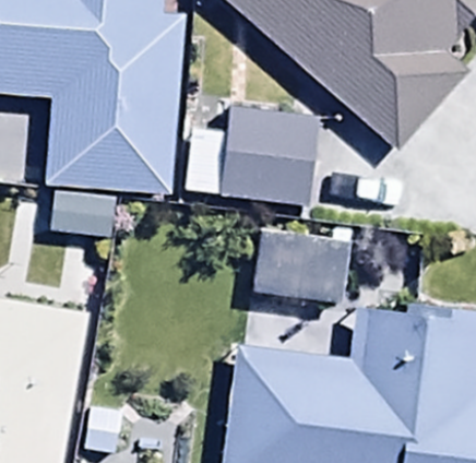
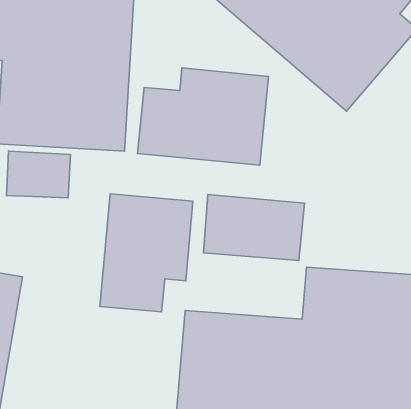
building: none -> [100,194,193,312]

